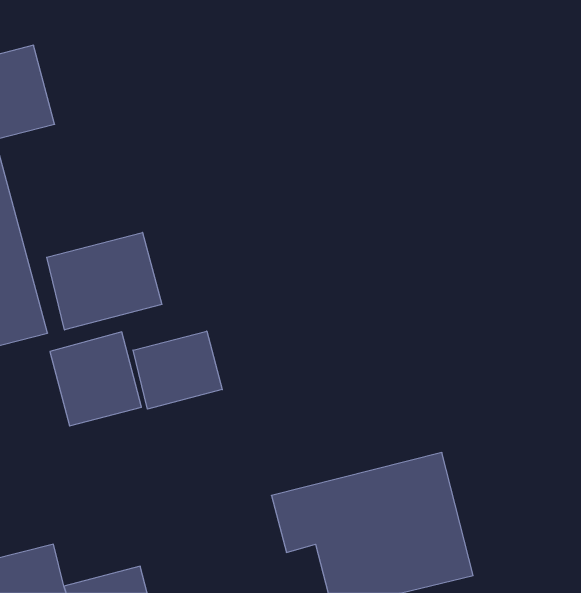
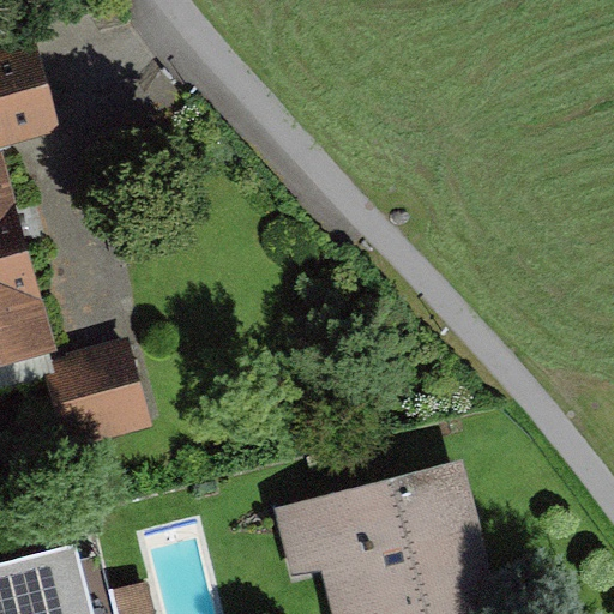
building: [47,232,162,330] -> none
building: [133,331,222,409] -> none

